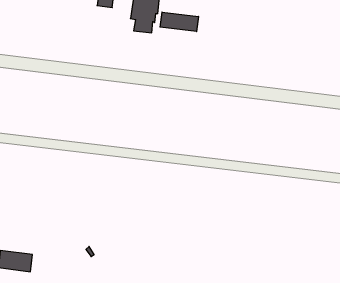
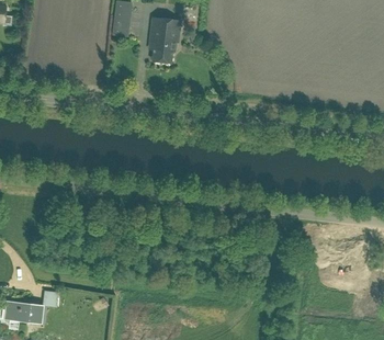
building: [160,12,198,32] -> none

